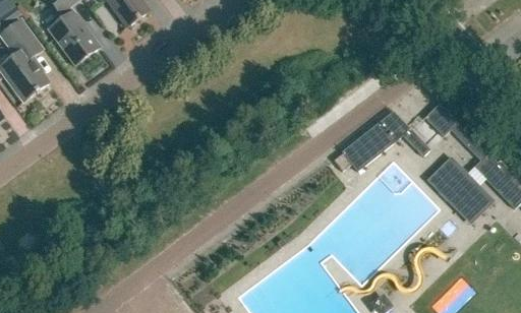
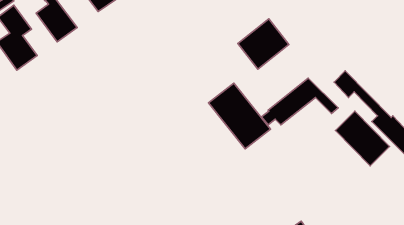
building: none -> [238,19,289,69]
building: none -> [208,83,270,149]

